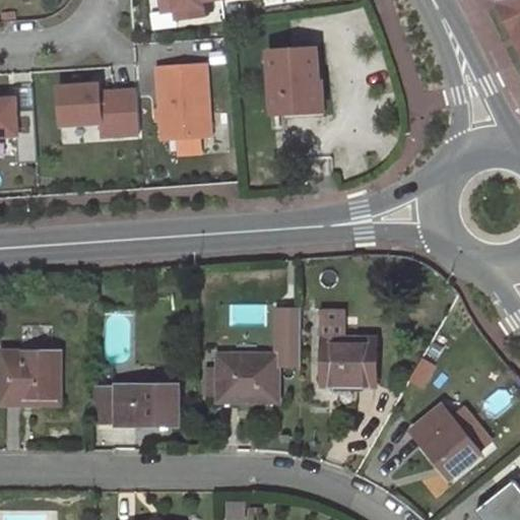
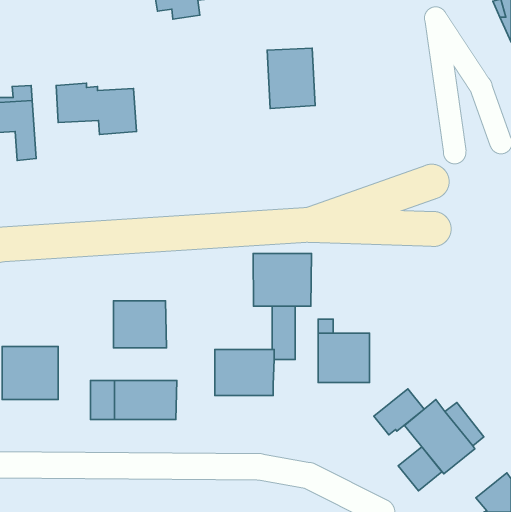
building: [156,65,209,138] -> none
building: none -> [253,254,311,306]
building: none -> [114,301,166,348]
building: none -> [374,389,424,435]
building: none -> [398,447,442,491]

